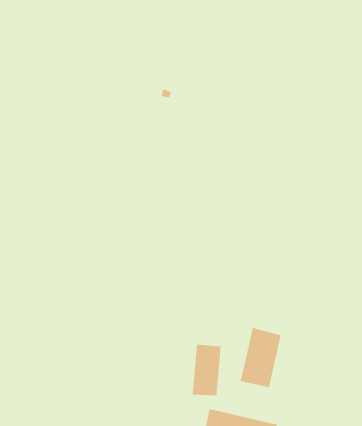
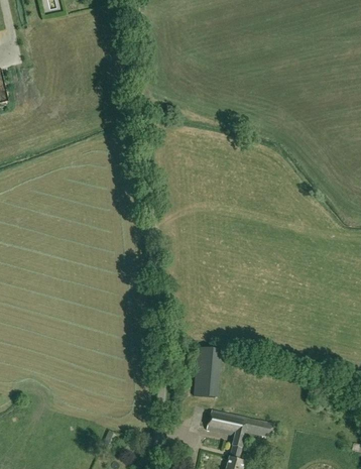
building: [240,327,281,388] -> none

